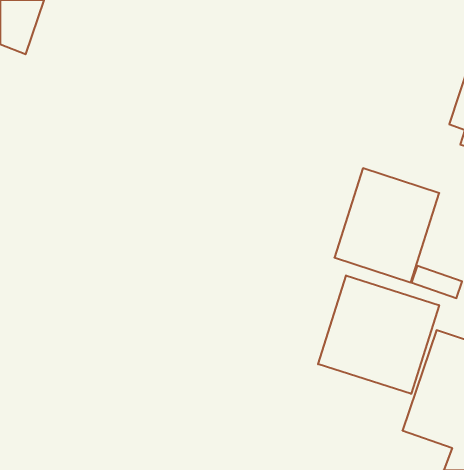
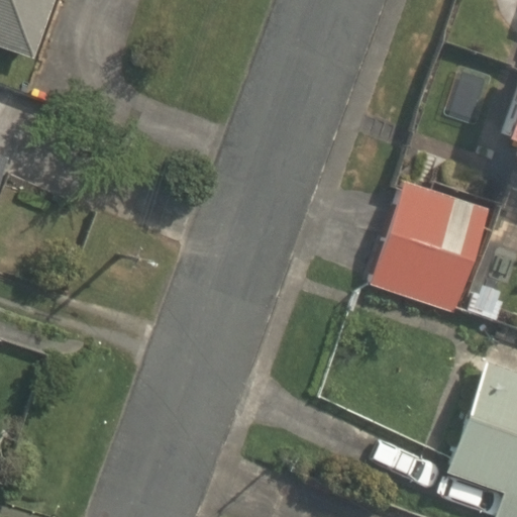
building: [318,275,439,394] -> none

